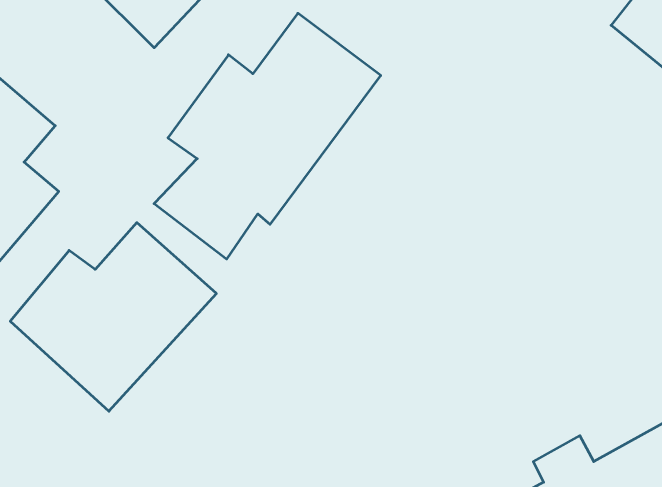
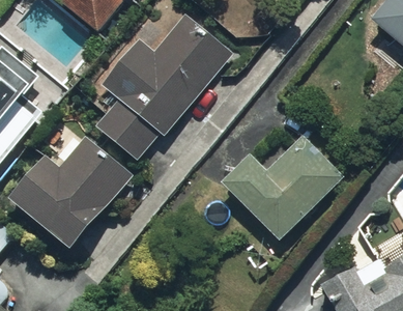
building: none -> [220,130,345,241]

